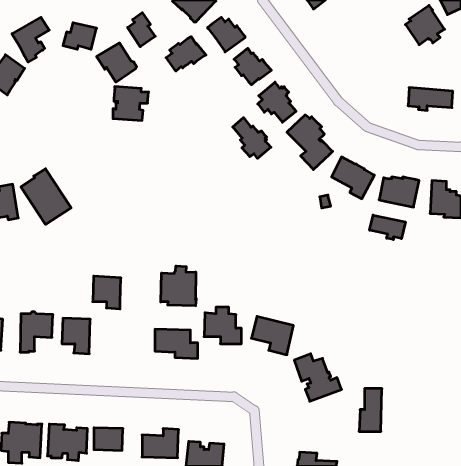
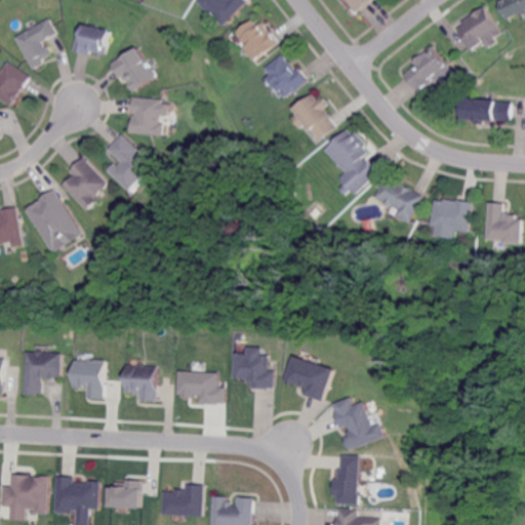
building: [128,13,155,47] -> none
building: [166,37,206,71] -> none
building: none -> [401,45,450,91]
building: [233,118,271,158] -> none
building: none -> [105,135,149,192]
building: none -> [60,159,105,210]
building: [370,215,405,240] -> none
building: [161,266,196,306] -> none
building: [93,276,121,309] -> [123,365,155,402]
building: [359,389,382,431] -> [332,454,358,502]

